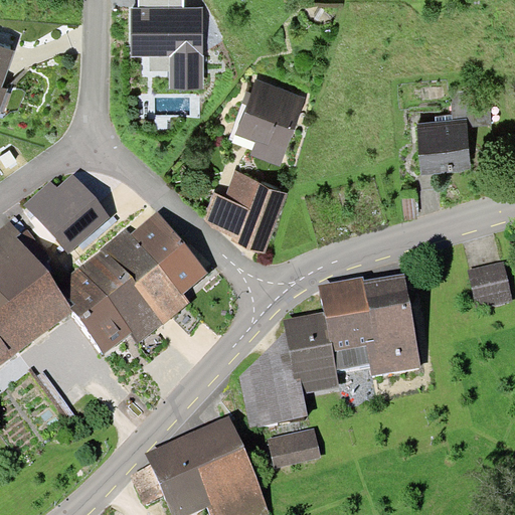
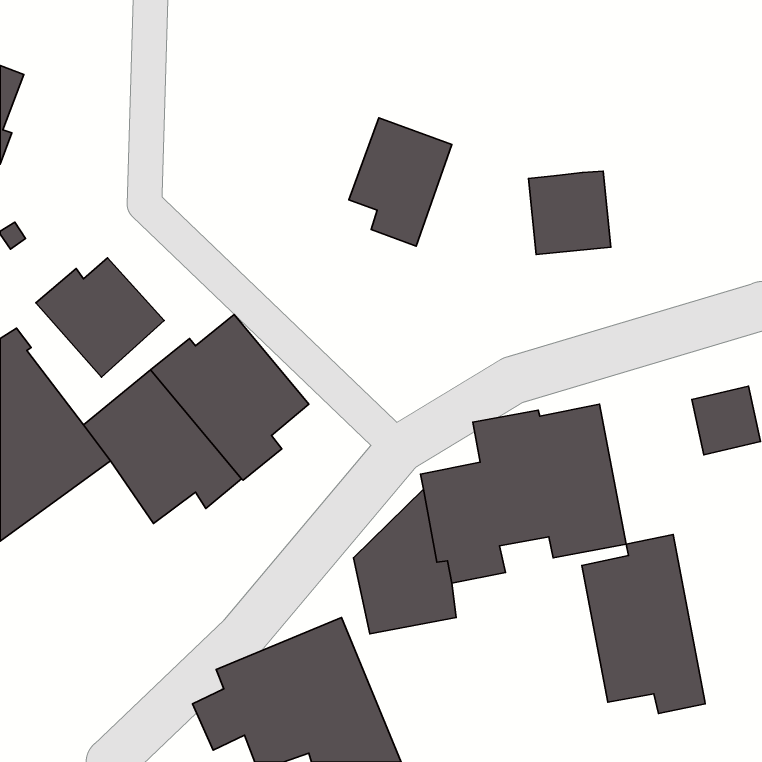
building: [131,7,204,90] -> none
building: [416,119,472,175] -> [529,171,611,255]
building: [203,171,289,253] -> none
building: none -> [582,534,705,714]
building: [268,427,321,469] -> none

